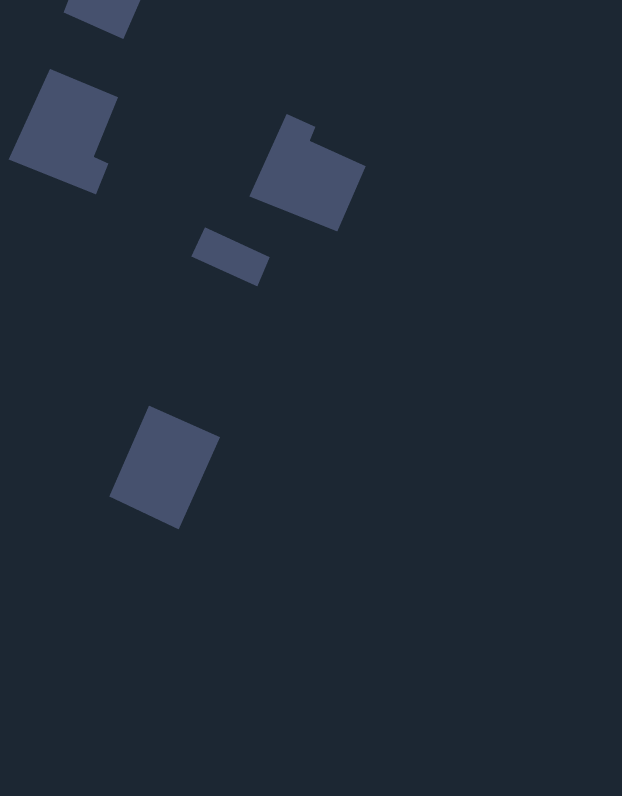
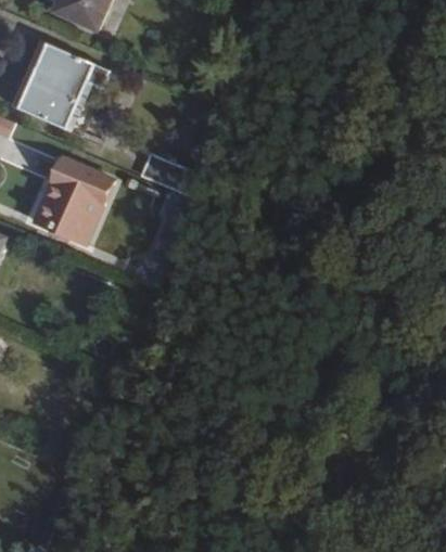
building: [248,113,367,232] -> none
building: [108,405,221,531] -> [35,158,111,243]

